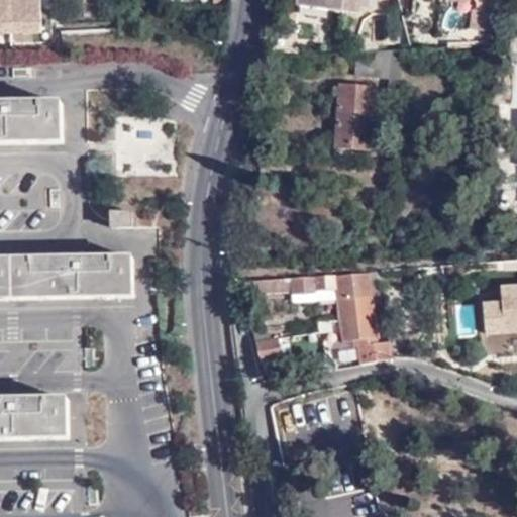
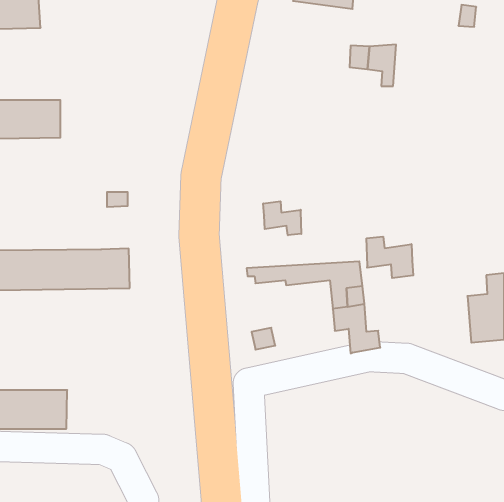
building: [335,79,373,144] -> none
building: none -> [263,201,301,235]
building: none -> [367,237,413,278]

